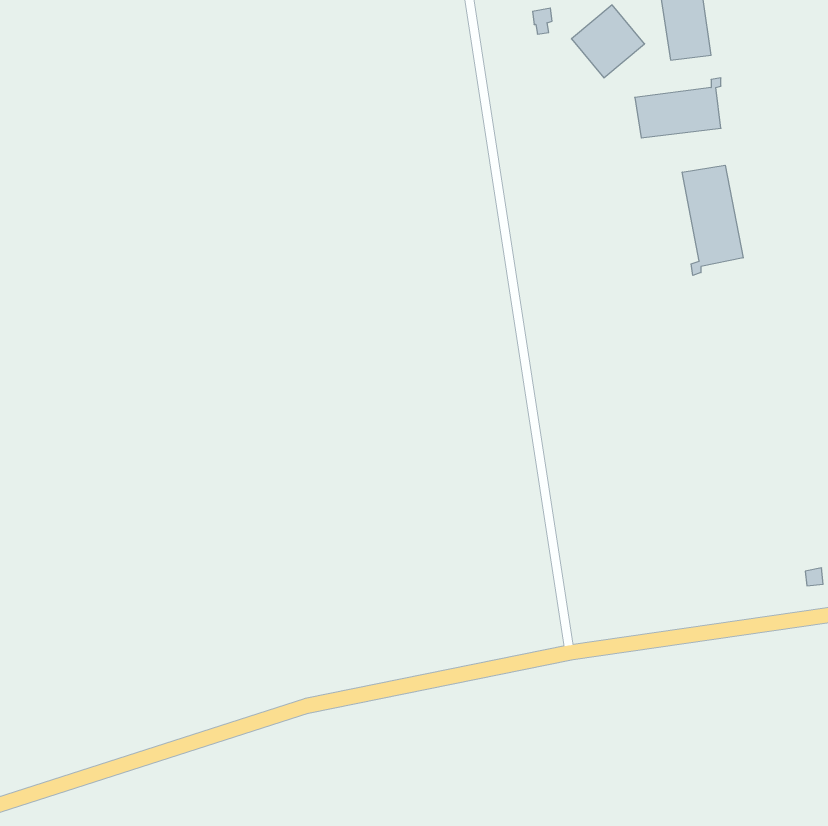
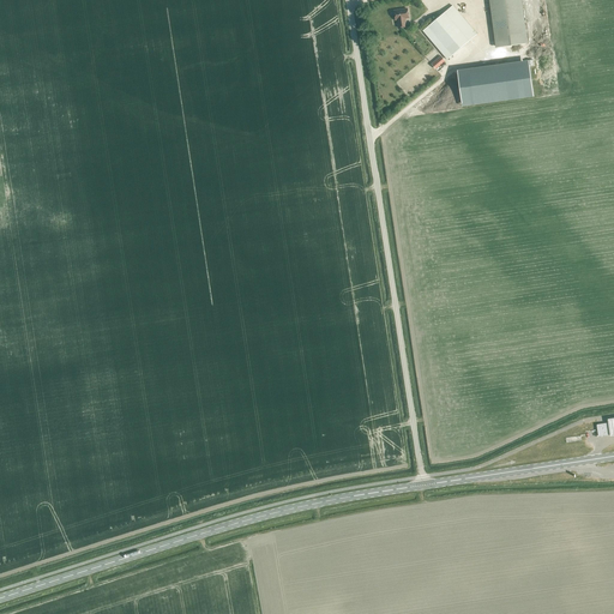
building: [682,165,743,275] -> none

